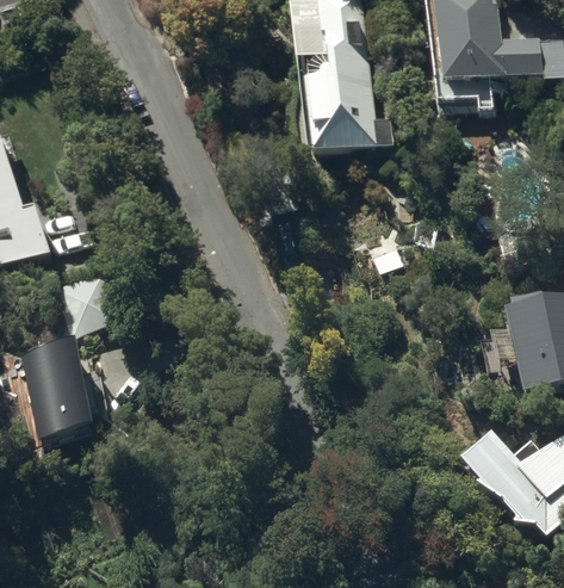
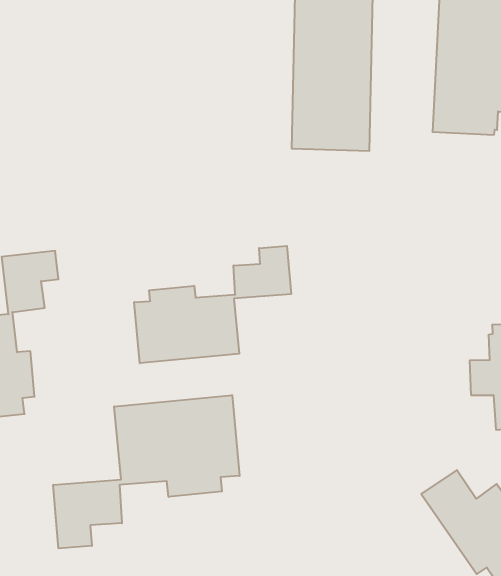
building: none -> [134,246,291,363]
building: none -> [53,395,240,548]

